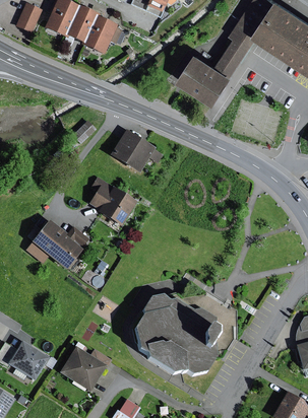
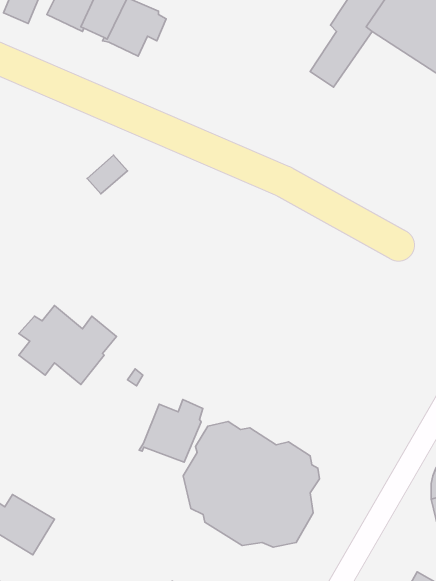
building: [178,51,234,103] -> none
building: [110,129,163,171] -> none
building: [89,177,137,226] -> none
building: none -> [139,399,203,462]
building: [59,345,111,392] -> none

